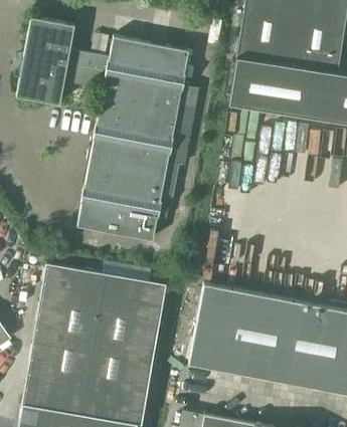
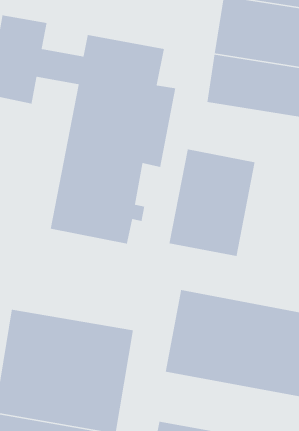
building: none -> [169,149,256,257]
building: [39,263,165,324] -> none

